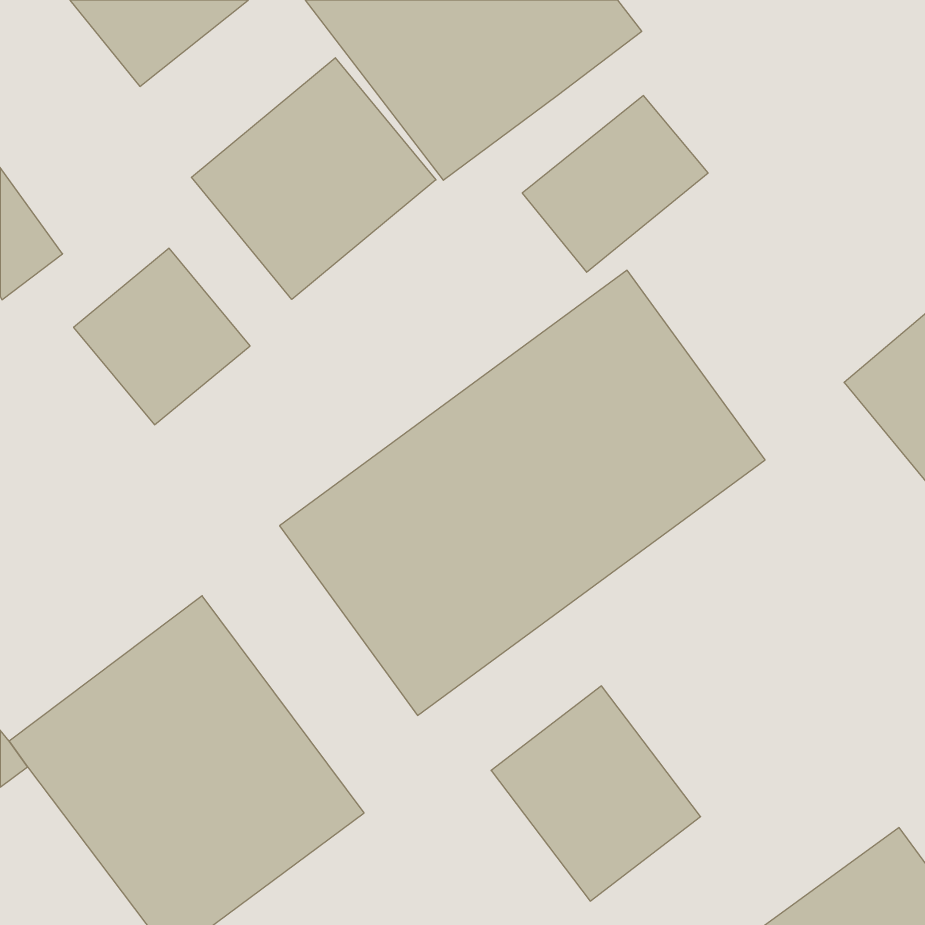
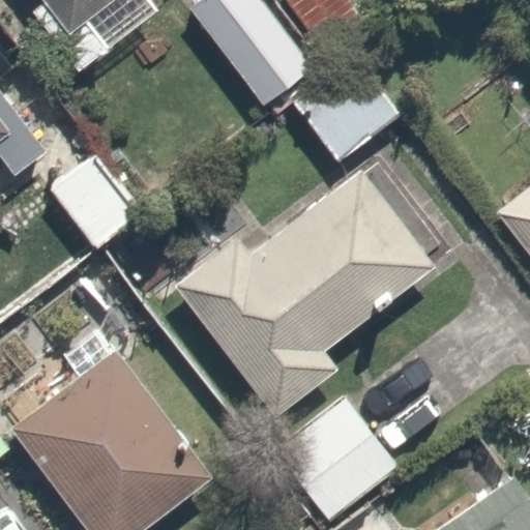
building: [191,58,436,299] -> none

